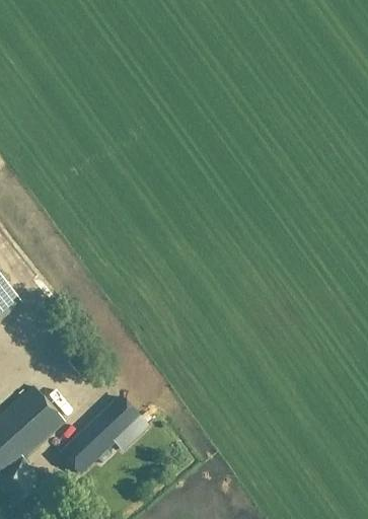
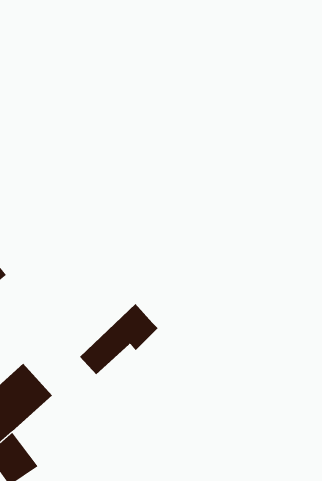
building: [63,397,147,473] -> [79,303,158,375]

